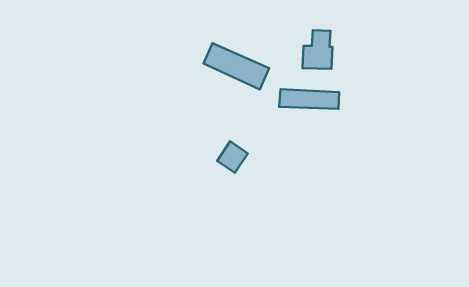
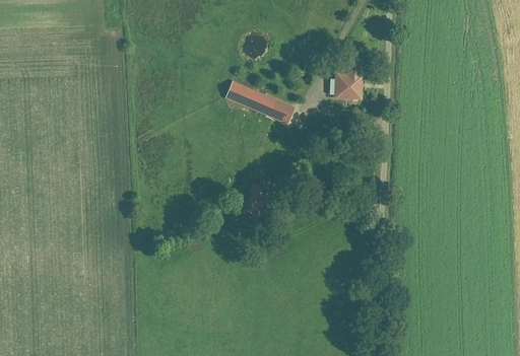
building: [279,89,339,109] -> none

